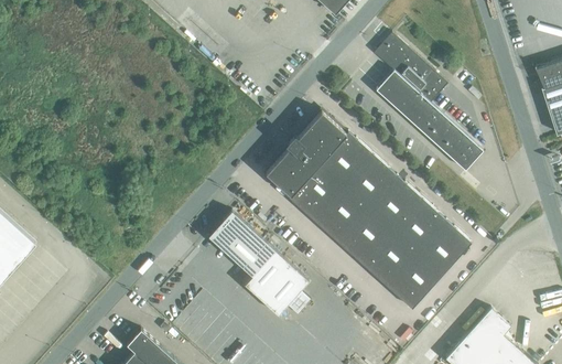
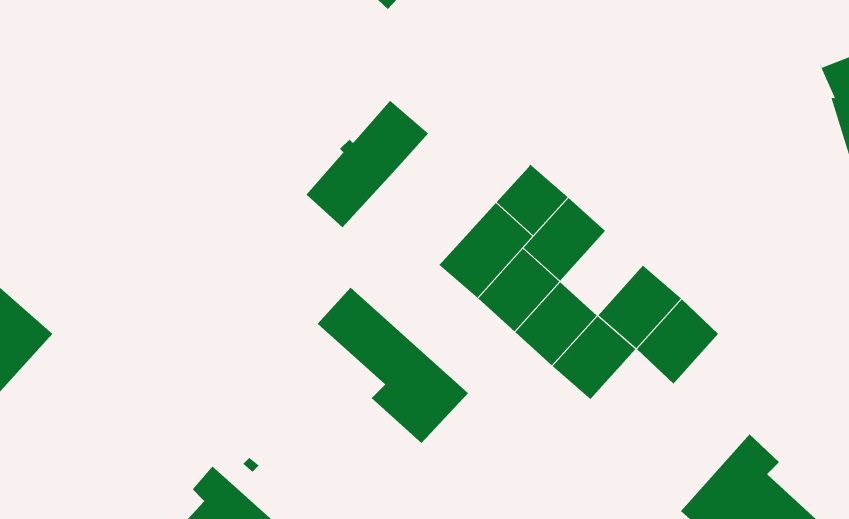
building: [374,33,483,170] -> none
building: [266,111,346,195] -> [305,100,429,228]
building: [367,175,421,231] -> none
building: [387,253,441,309] -> none

